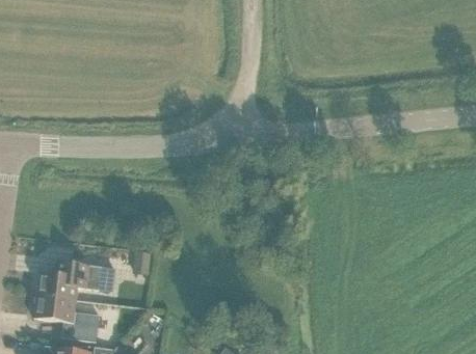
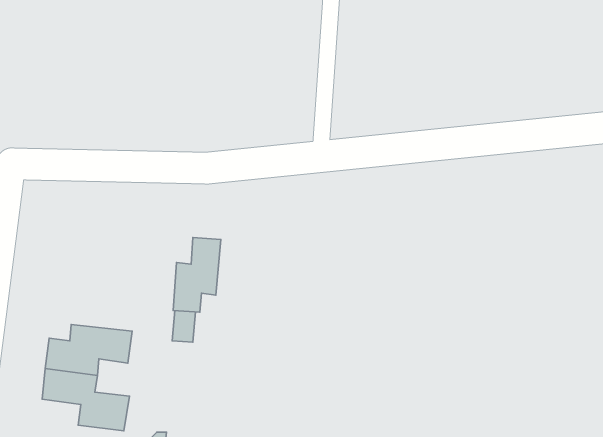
building: none -> [173,238,221,312]

